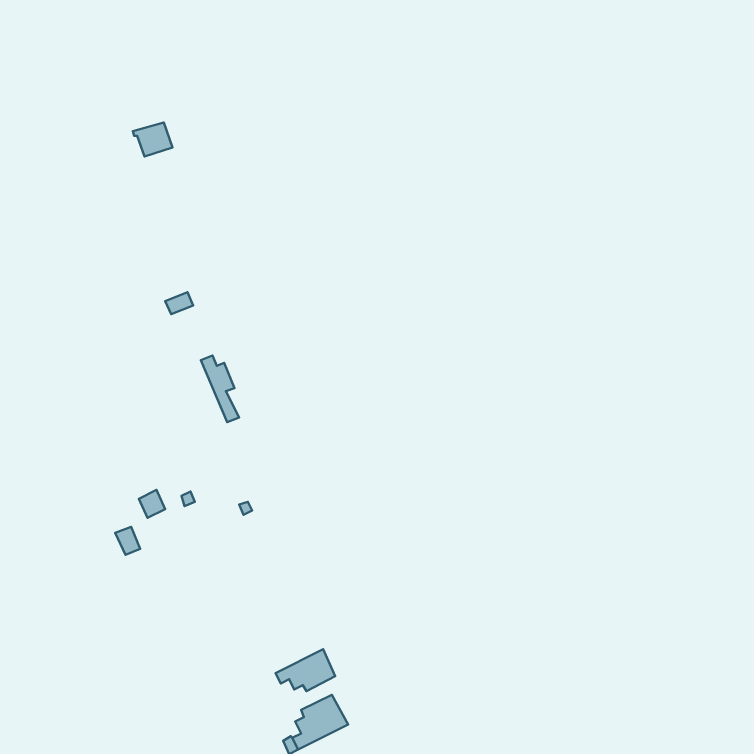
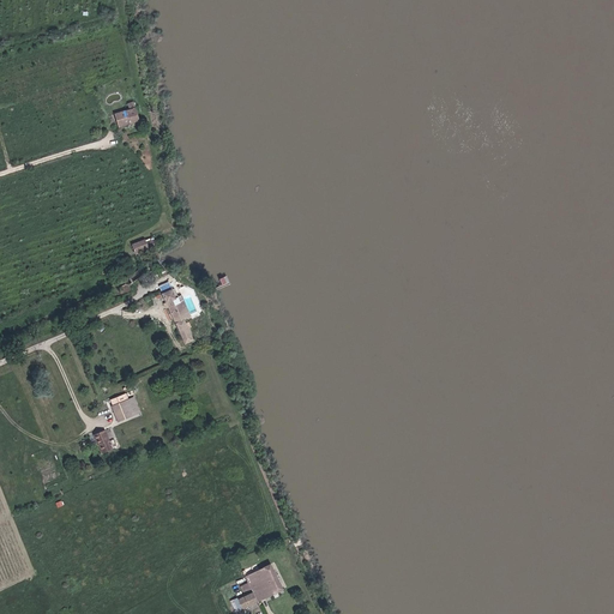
building: [276,649,335,691] -> none

